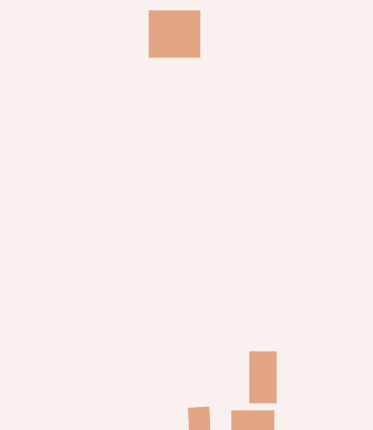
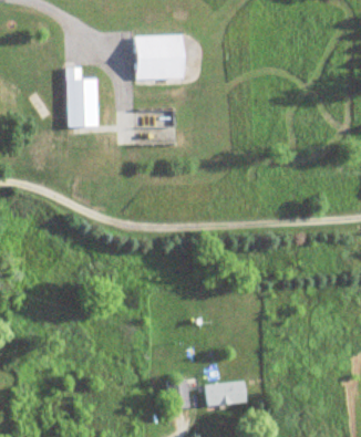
building: none -> [66,66,96,126]
building: [249,351,277,404] -> none

